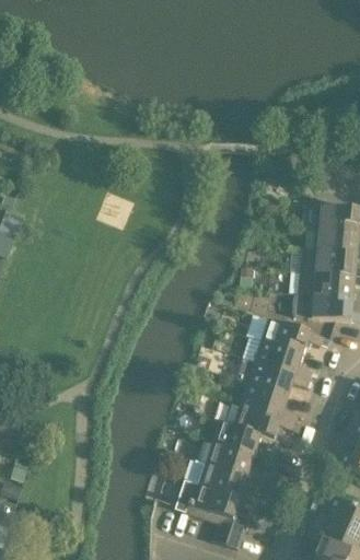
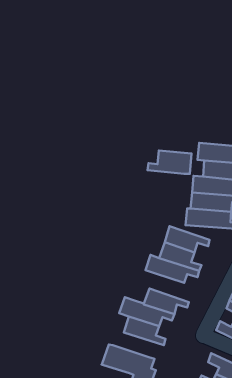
building: none -> [147,151,191,174]
building: [241,382,298,421] -> none
building: [190,459,260,497] -> none

